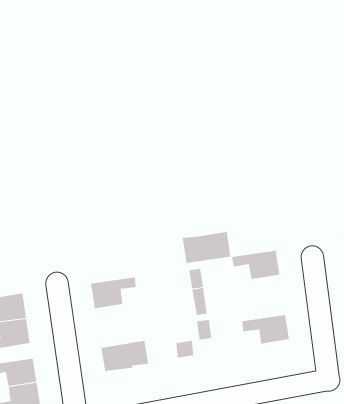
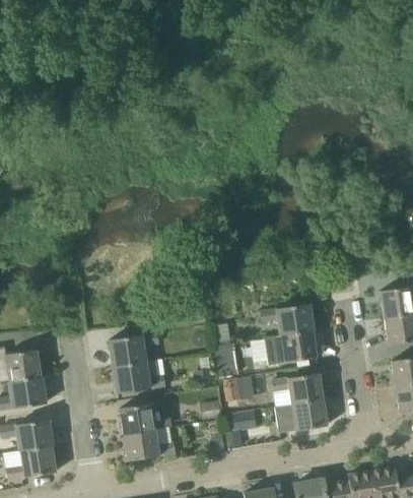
building: [182,231,231,264] -> [264,330,317,365]
building: none -> [113,362,165,393]
building: none -> [277,399,327,433]
building: none -> [224,411,256,443]
building: none -> [124,430,176,460]

